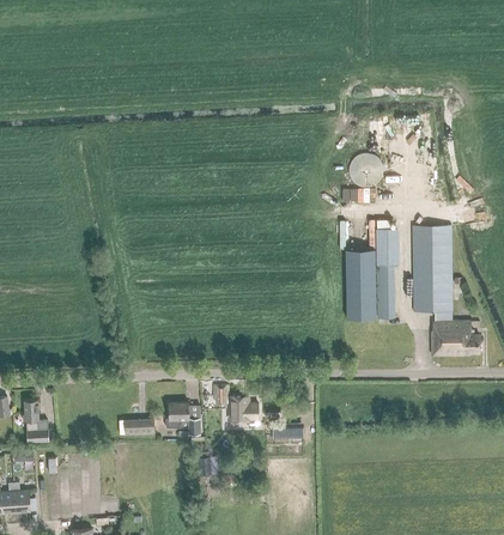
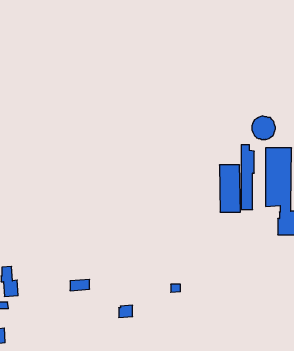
building: [348,153,383,188] -> [252,116,275,139]
building: [212,387,257,421] -> none
building: [165,403,200,438] -> none

